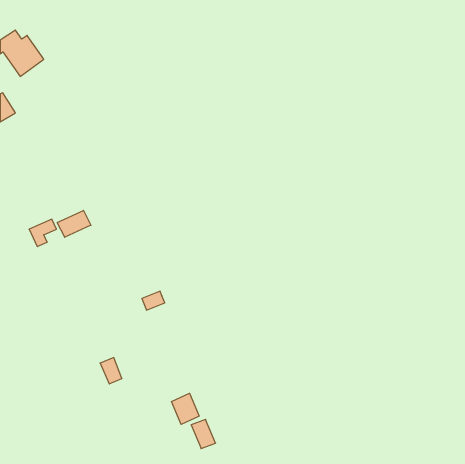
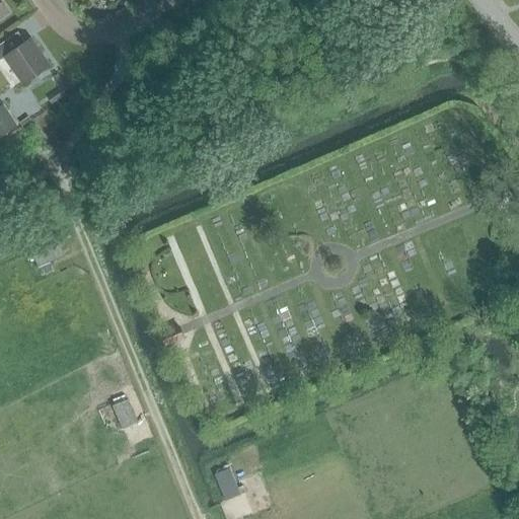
building: [57,210,91,237] -> none
building: [171,393,199,424] -> none

